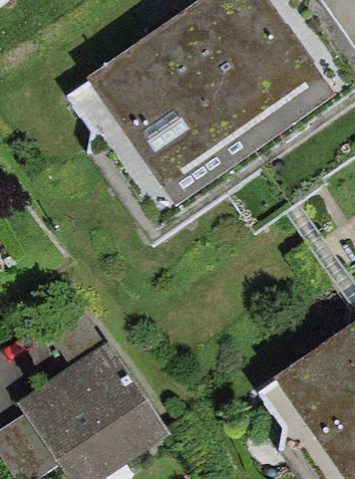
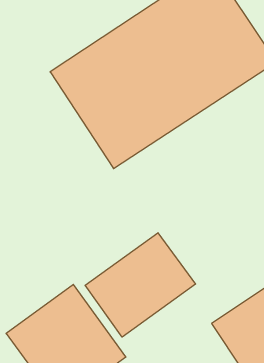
building: none -> [85,233,196,337]

